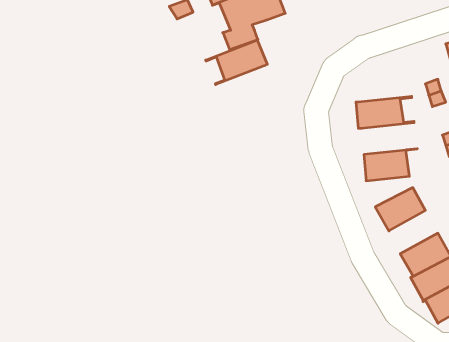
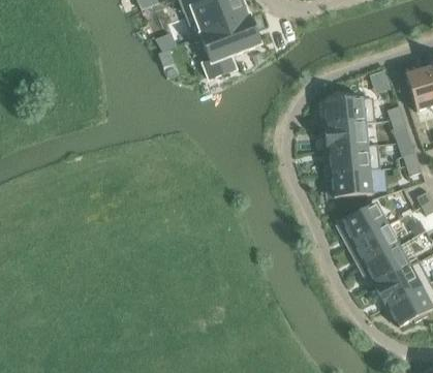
building: [206,40,267,85] -> none
building: none -> [323,95,374,125]
building: none -> [329,144,379,173]
building: none -> [353,223,398,262]

